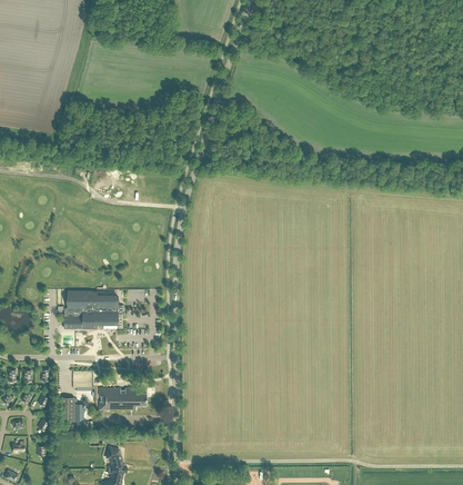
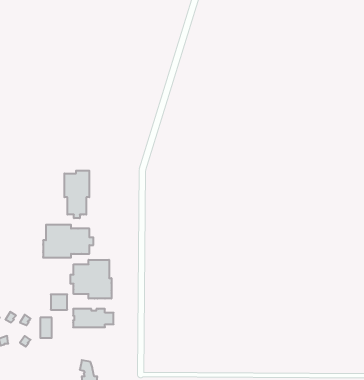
building: none -> [64,171,89,218]
building: none -> [70,260,111,299]

